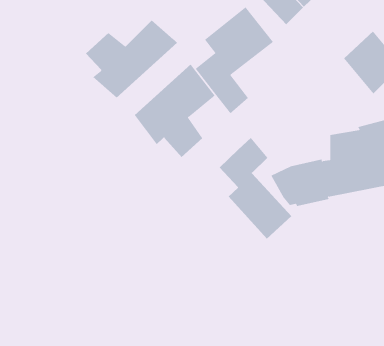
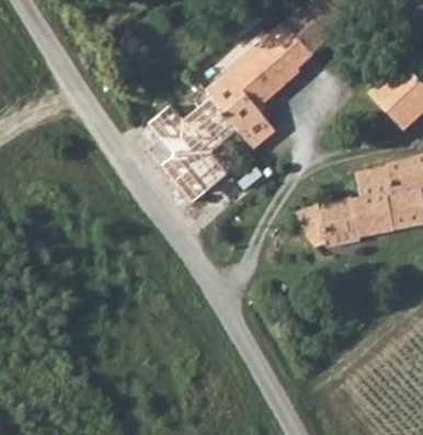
building: [85,20,178,99] -> none
building: [219,137,292,239] -> none

